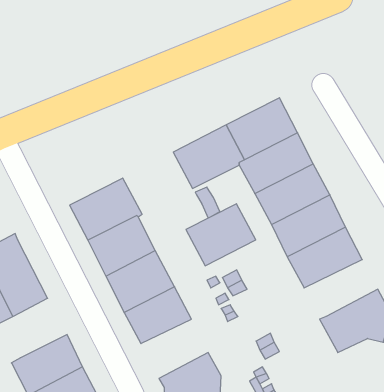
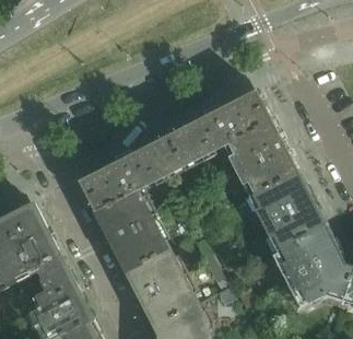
building: [186,204,256,266] -> [123,135,183,187]
building: none -> [276,225,339,276]
building: none -> [32,258,77,308]
building: none -> [139,276,196,326]

